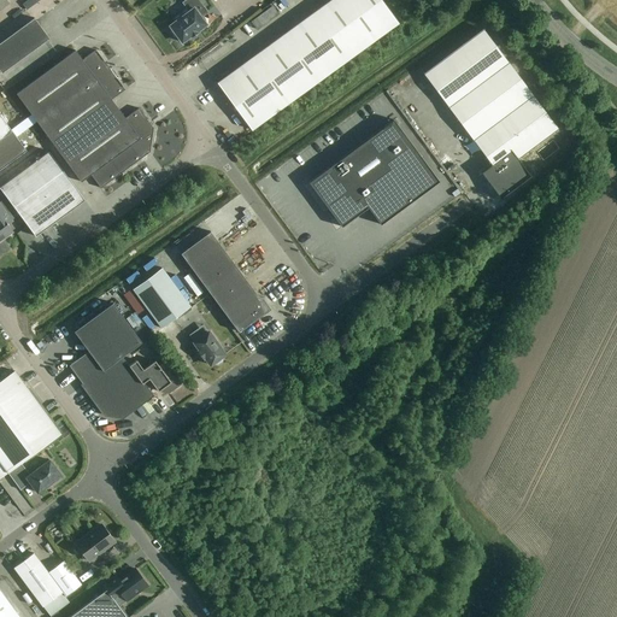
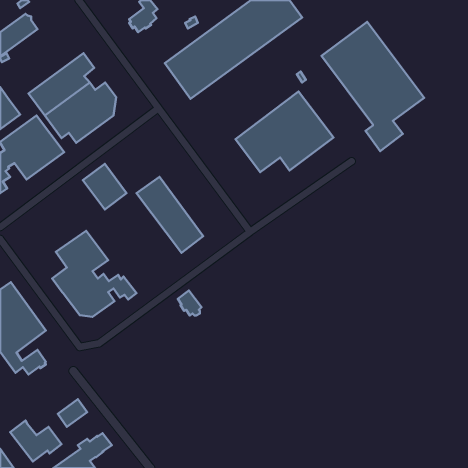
building: [16,49,110,123] -> none
building: [133,269,190,329] -> [83,164,127,210]
building: [194,333,225,365] -> [178,291,202,315]

